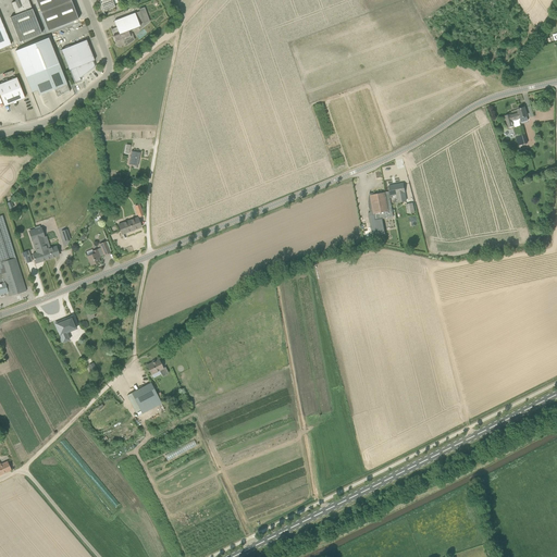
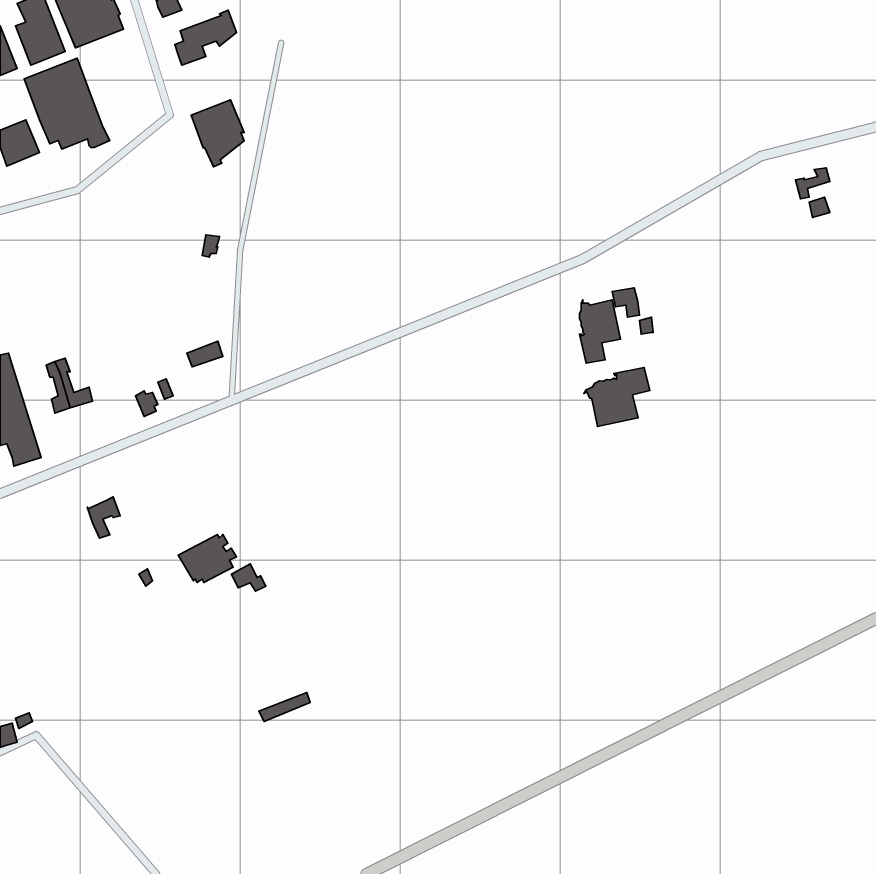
building: [61,39,95,82] -> [191,100,244,167]
building: none -> [584,368,650,427]
building: [126,382,163,412] -> [178,534,236,582]

